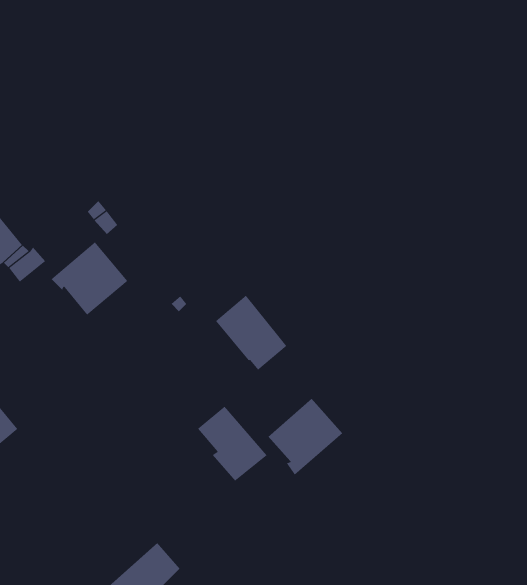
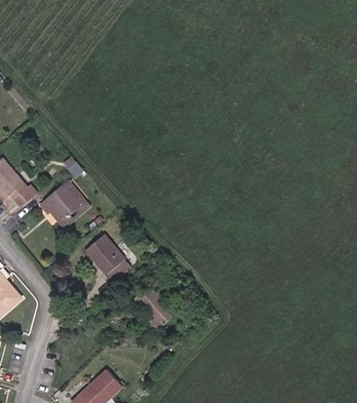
building: [215,295,287,371] -> [85,234,130,281]
building: [267,398,343,475] -> none

